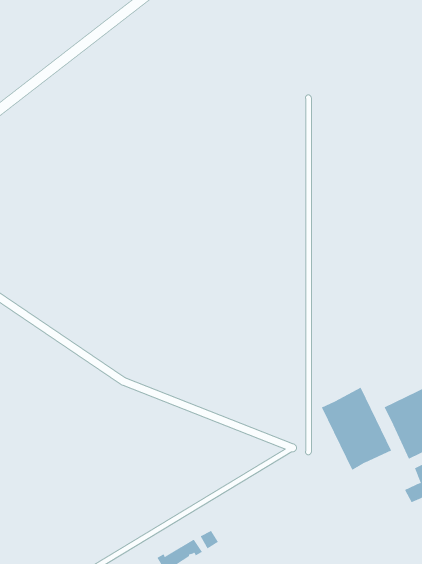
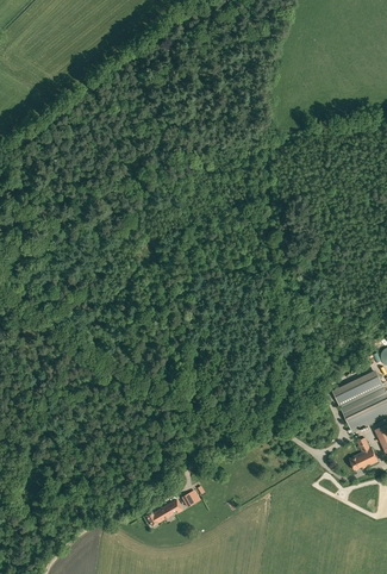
building: [321,387,392,471] -> none

